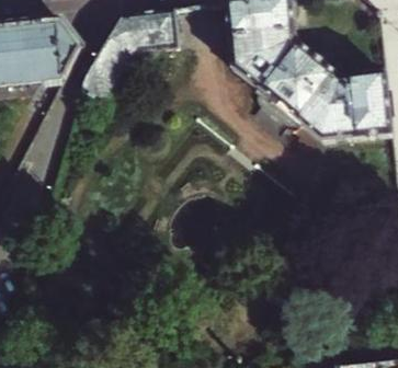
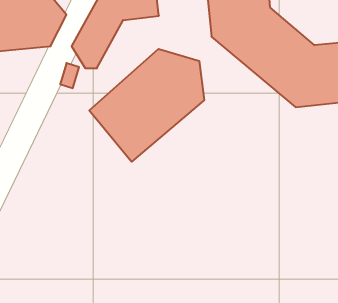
building: none -> [89,49,204,162]

